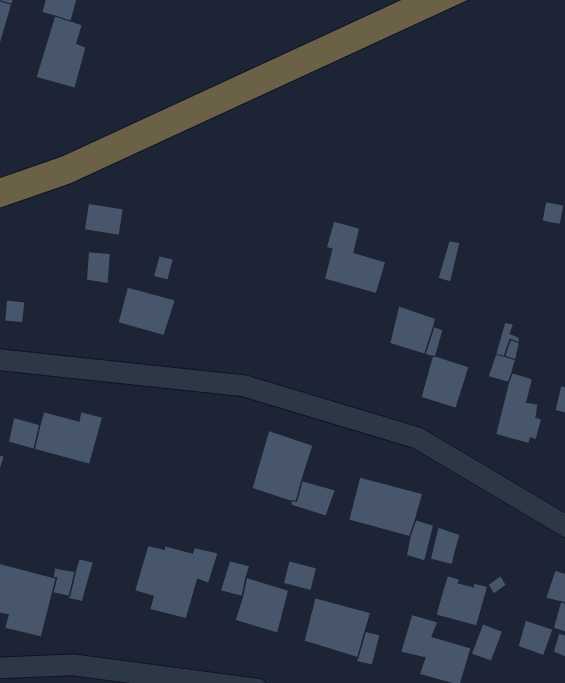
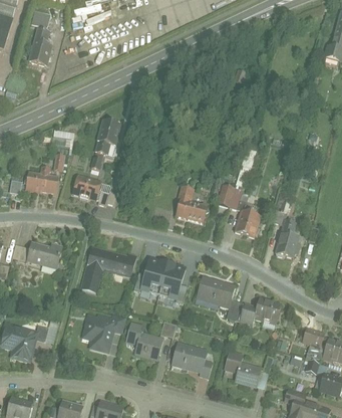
building: none -> [94,120,120,155]
building: [324,221,386,294] -> [176,185,209,224]
building: none -> [25,166,58,195]
building: none -> [81,246,136,291]
building: [436,576,488,626] -> [253,297,281,325]

